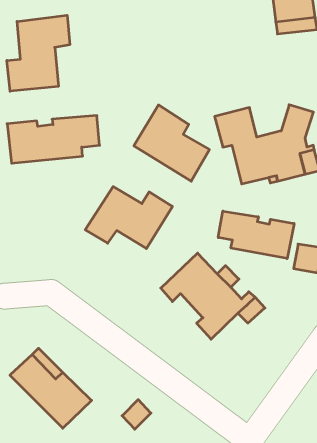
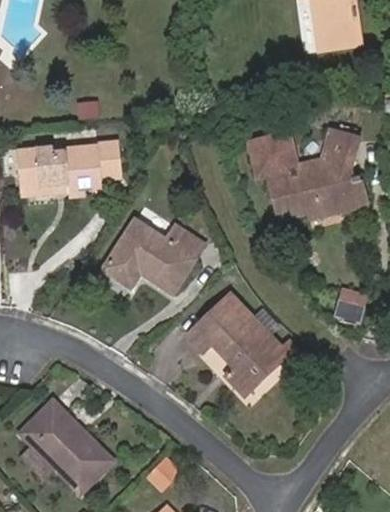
building: [7,15,70,91] -> none
building: [134,105,209,181] -> none
building: [218,211,294,259] -> none

